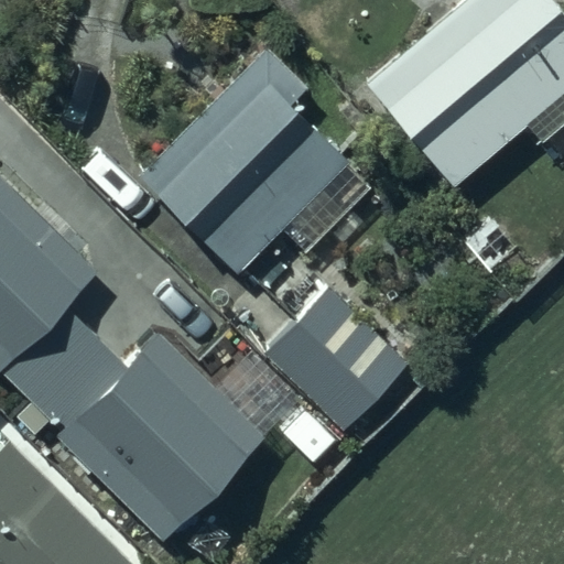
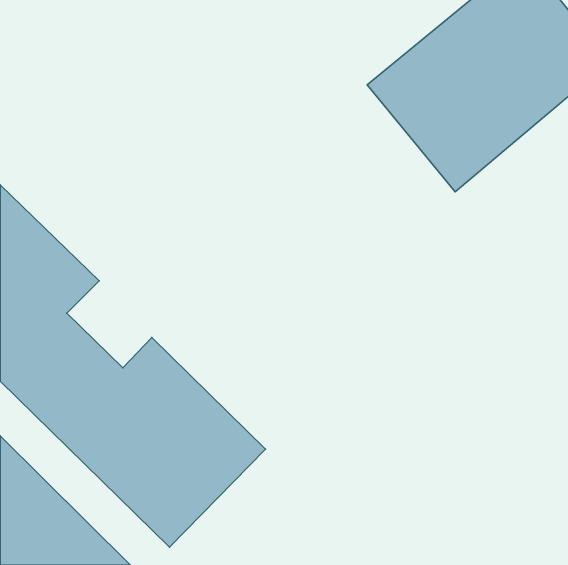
building: [137,43,349,272] -> none
building: [262,291,406,434] -> none

